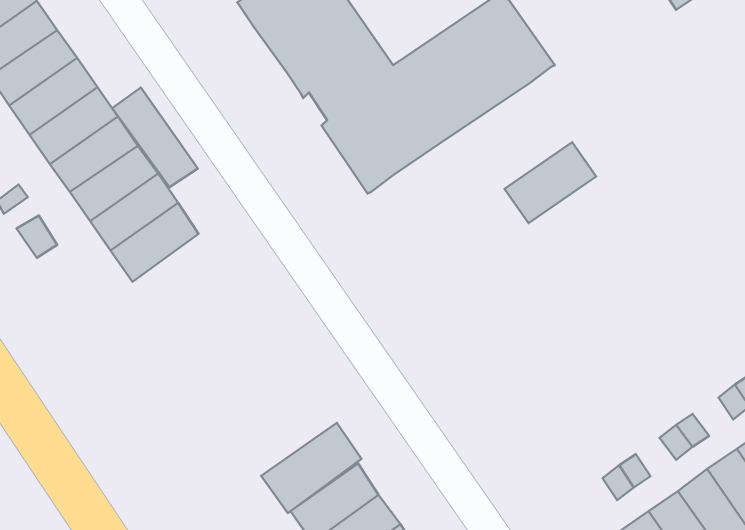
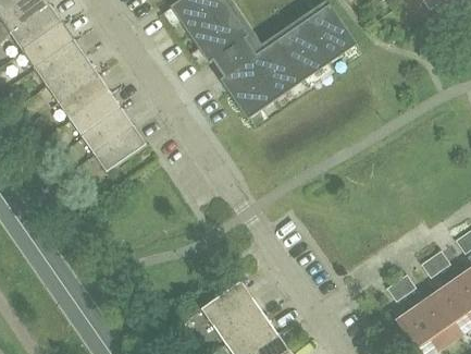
building: [112,88,198,187] -> none
building: [504,142,596,223] -> none
building: [261,423,362,513] -> none

